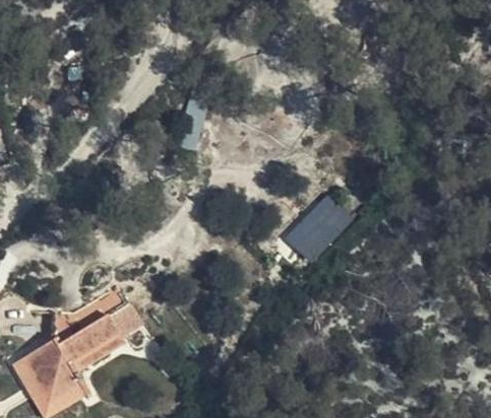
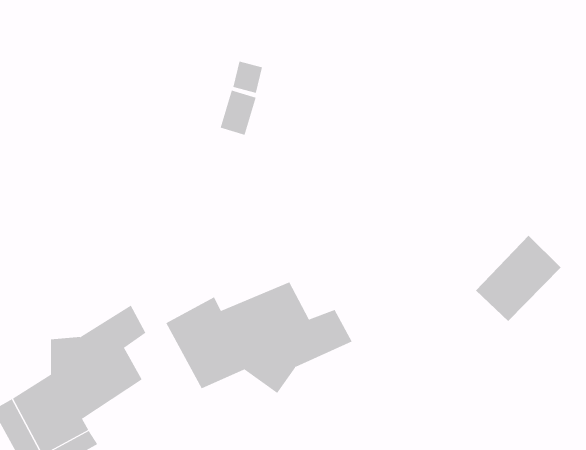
building: [292,193,361,263] -> [475,235,561,322]
building: none -> [165,281,352,394]

